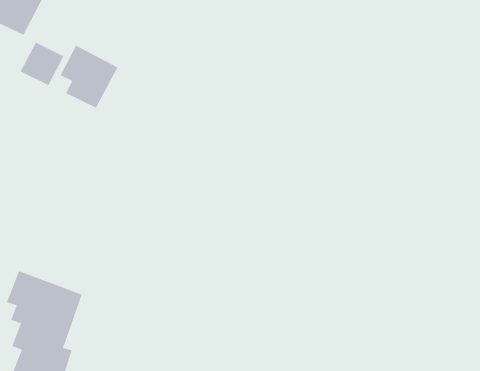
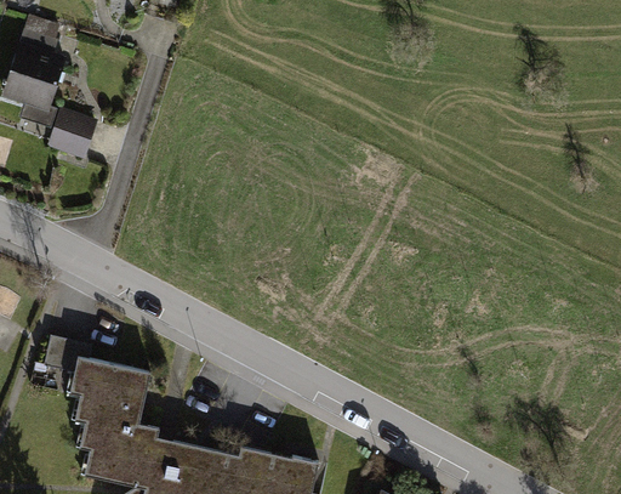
building: [60,45,118,109] -> none

